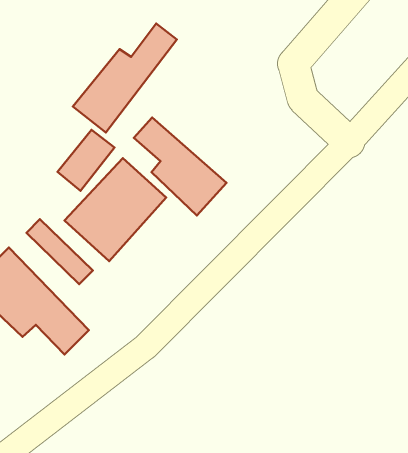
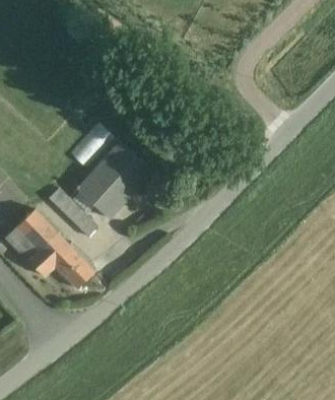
building: [73,23,177,132] -> none
building: [134,117,227,216] -> none

